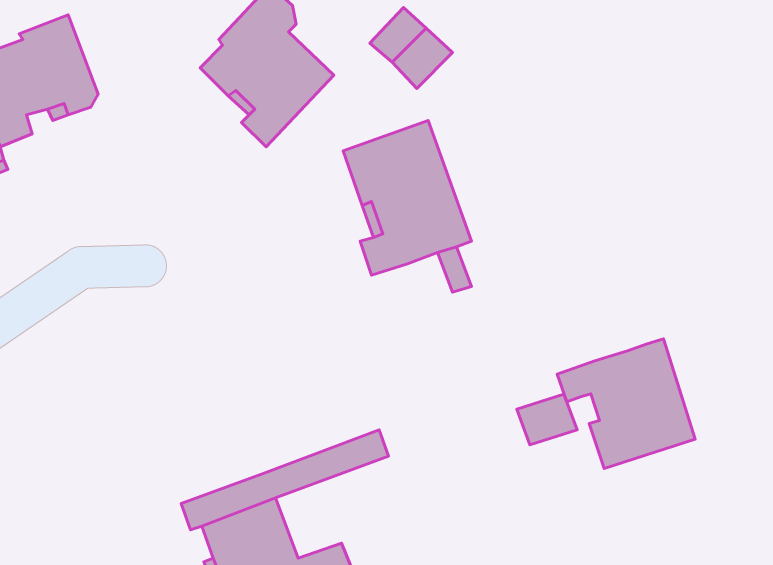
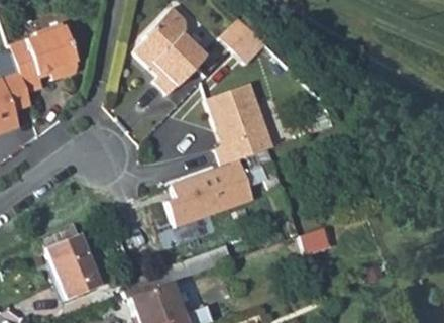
building: none -> [174,156,258,227]
building: [557,339,695,468] -> none
building: none -> [40,222,101,300]

